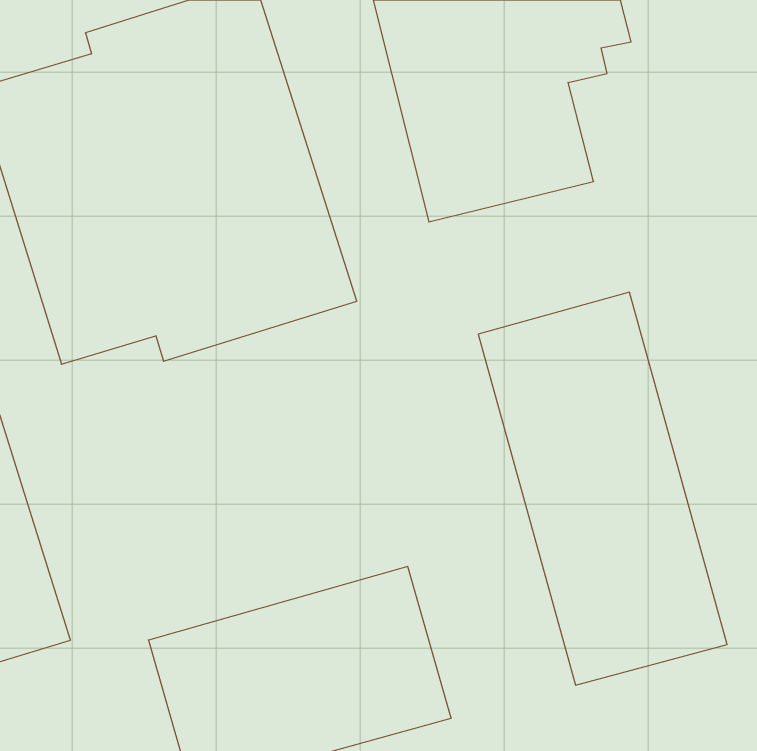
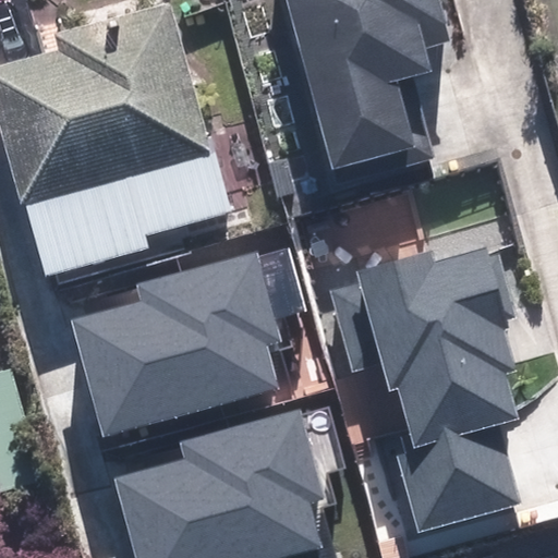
building: none -> [77,274,279,415]

